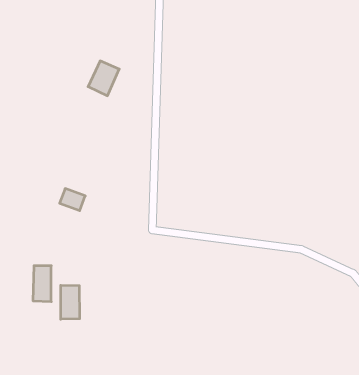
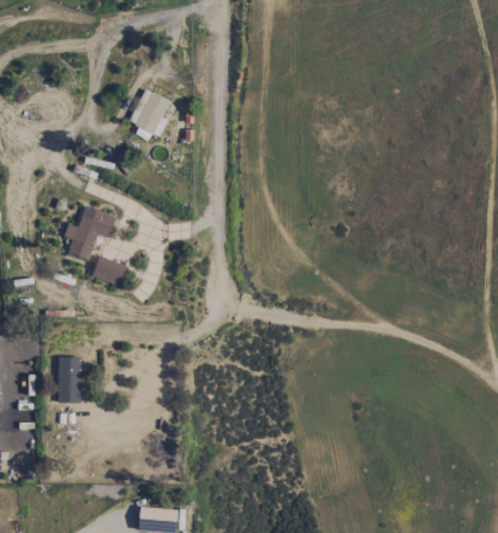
building: none -> [65,206,114,260]
building: [61,285,80,319] -> none

